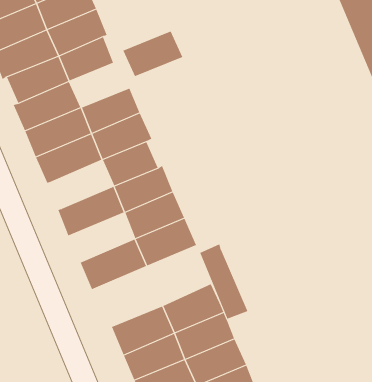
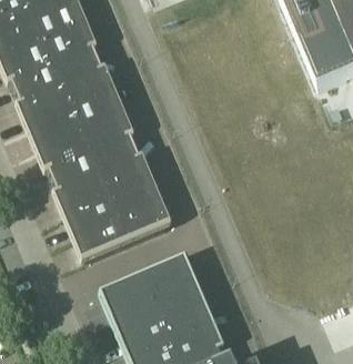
building: [123,31,183,77] -> [62,64,113,103]
building: none -> [47,148,100,189]
building: none -> [61,192,118,234]
building: [200,243,248,319] -> none

